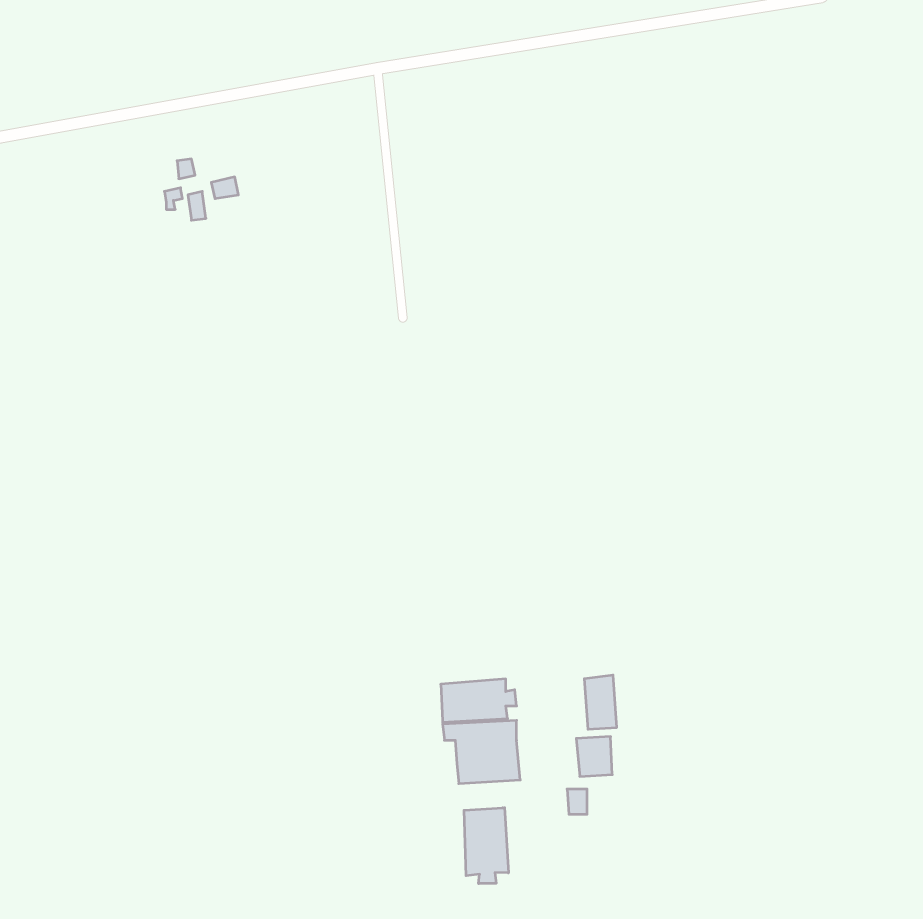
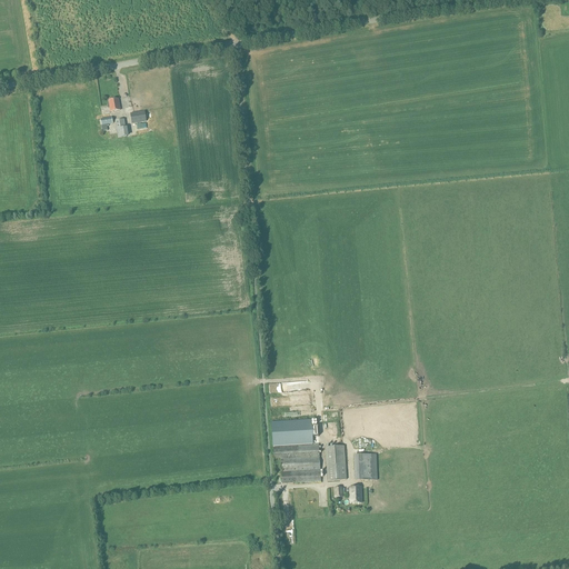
building: [584,675,617,729] -> [326,445,346,478]
building: [464,808,508,884] -> none

